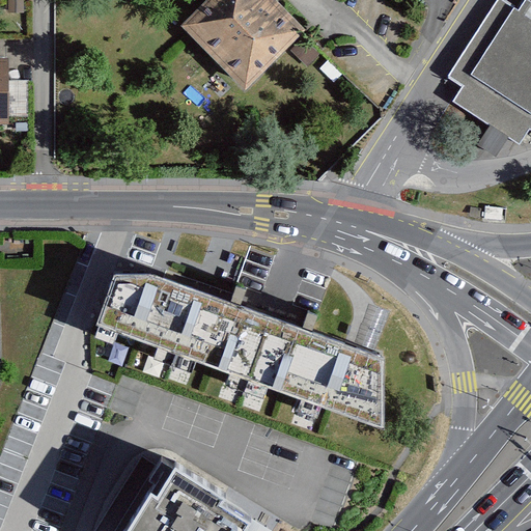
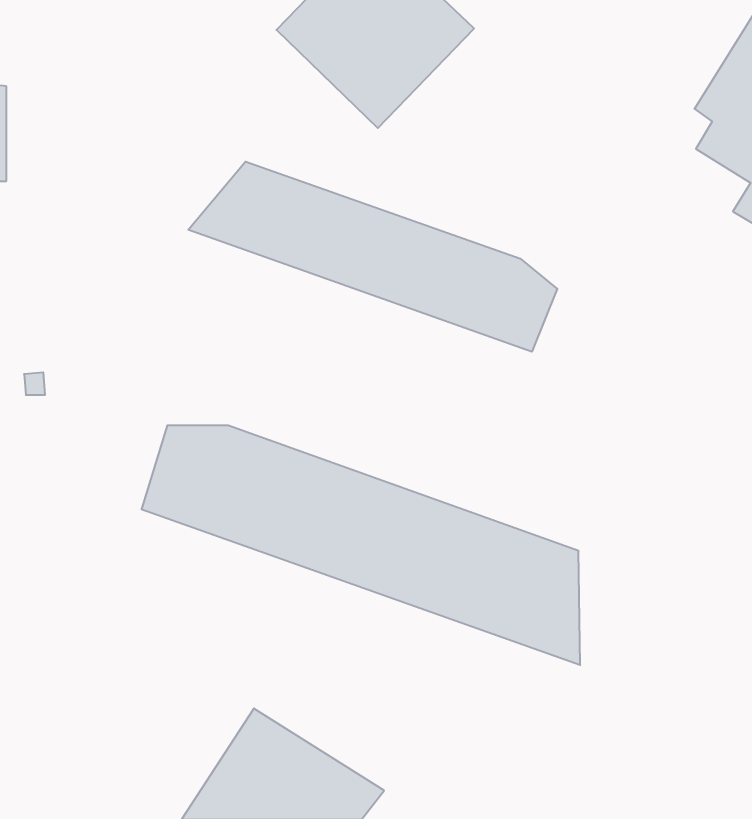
building: none -> [188,162,557,352]

